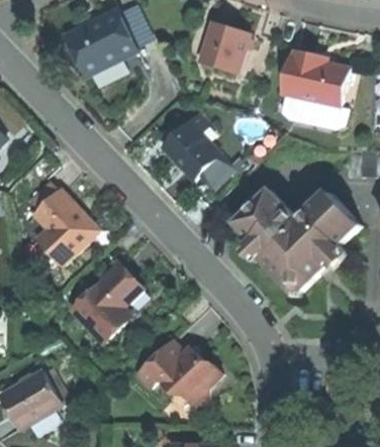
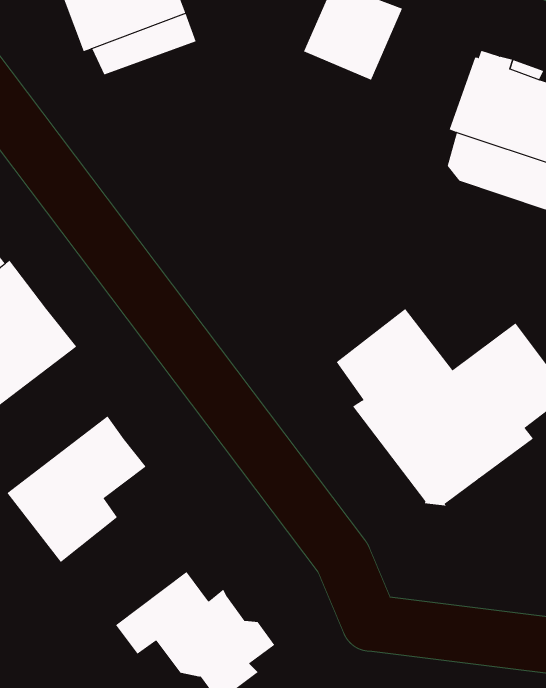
building: [162,112,230,185] -> none

